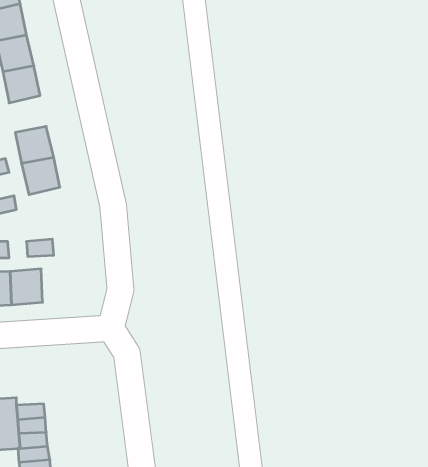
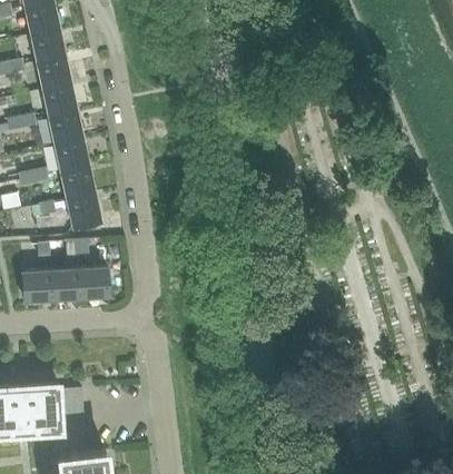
building: none -> [49,111,82,145]
building: none -> [67,194,100,228]
building: none -> [78,266,108,297]

